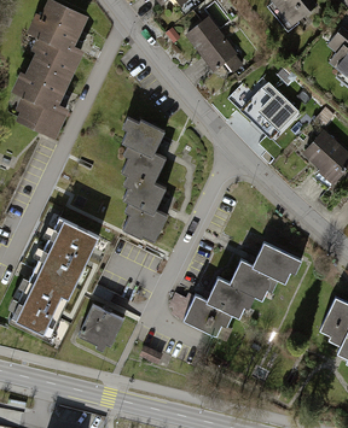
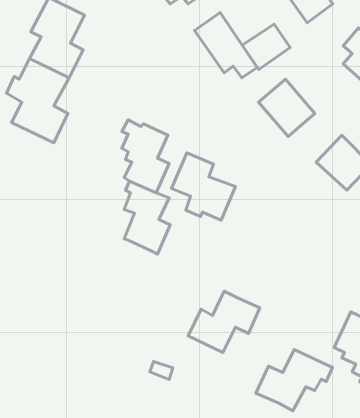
building: none -> [242,24,290,70]
building: none -> [172,153,235,220]
building: [12,212,105,340] -> none
building: [226,242,298,300] -> [256,350,333,411]
building: [77,303,124,348] -> none

